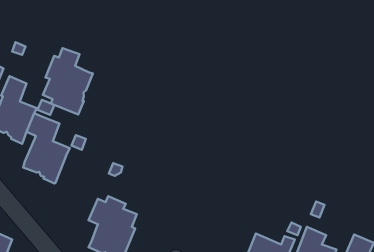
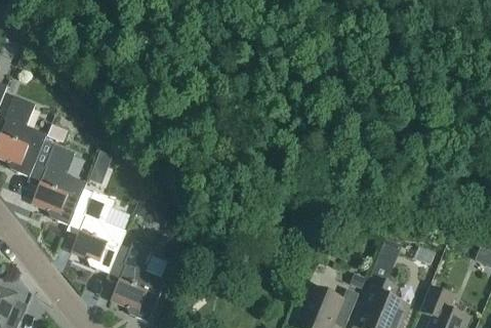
building: [43,48,93,114] -> none
building: none -> [70,188,130,273]

